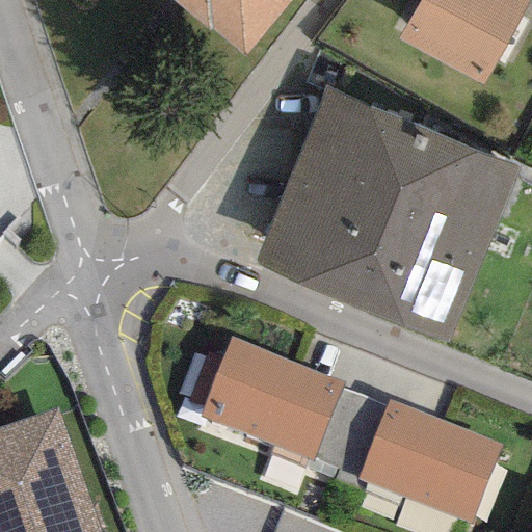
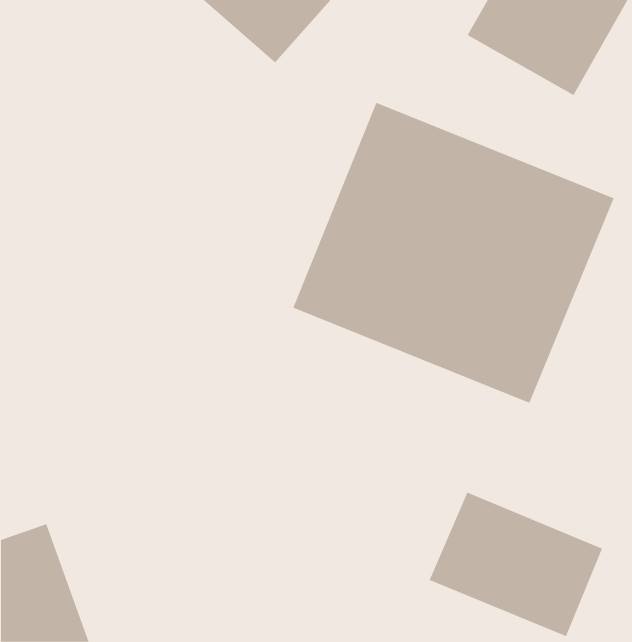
building: [206,346,353,468] -> none

